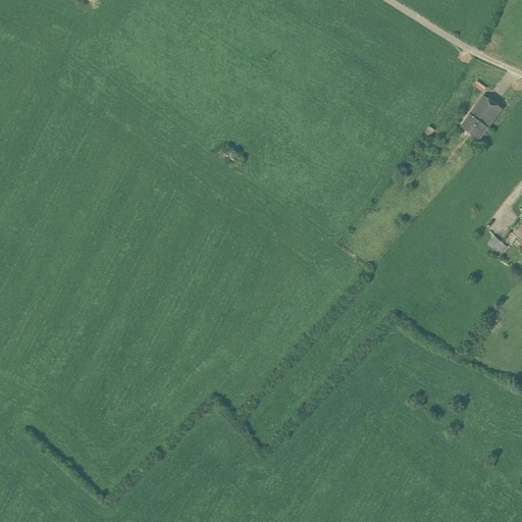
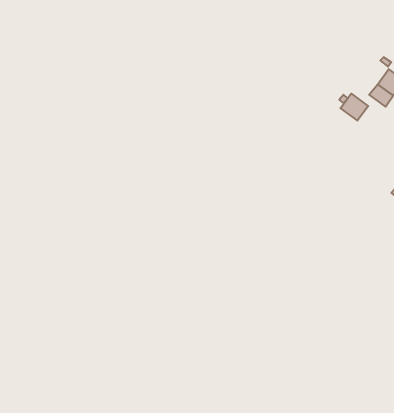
building: none -> [340,94,368,121]

